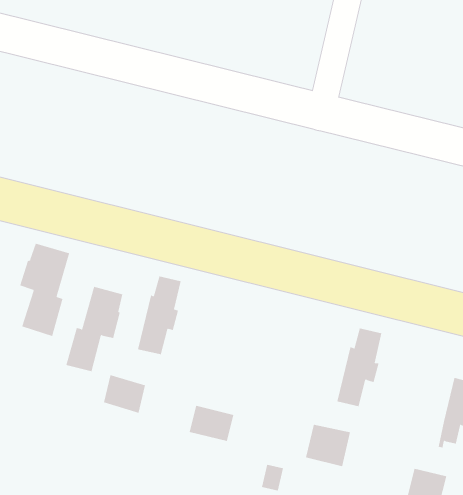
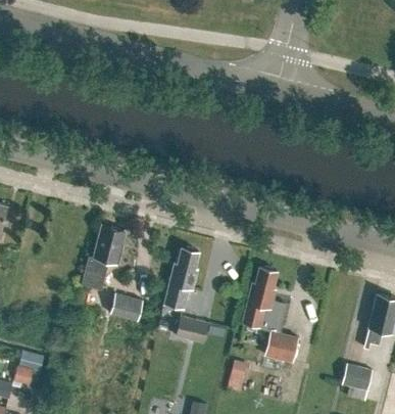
building: [19,243,70,337] -> none
building: [137,276,181,355] -> [165,248,199,309]
building: [337,328,382,407] -> [243,268,278,328]

